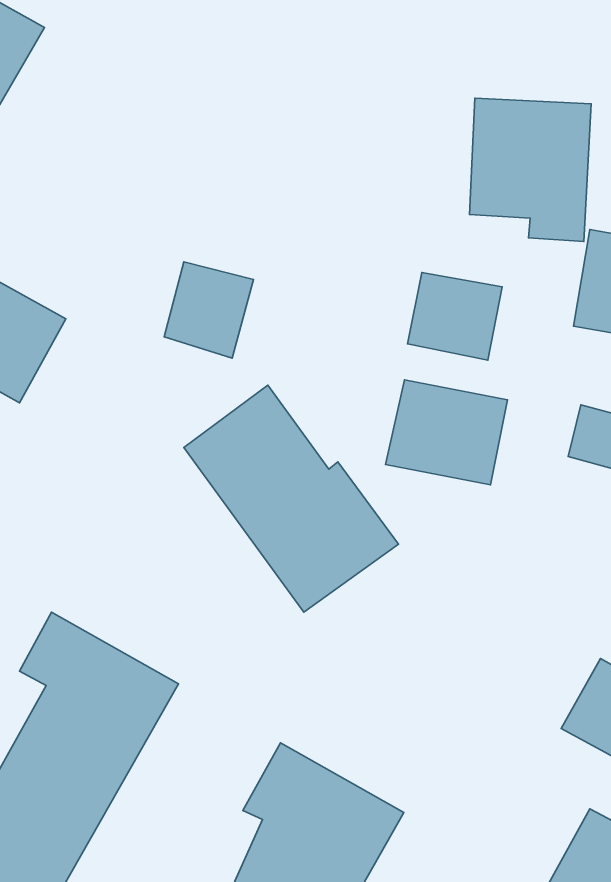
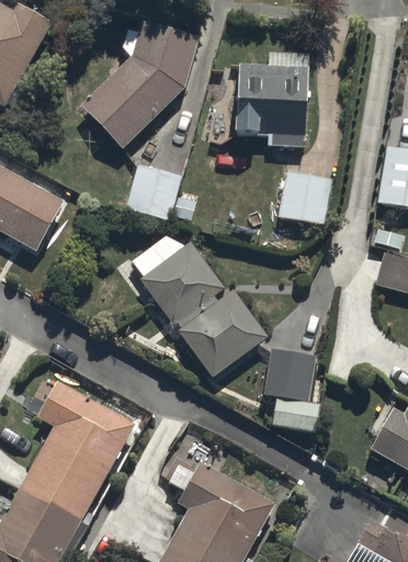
building: none -> [78,20,200,148]
building: [470,98,591,241] -> [234,61,308,149]
building: [385,380,507,485] -> none
building: none -> [262,347,318,407]

